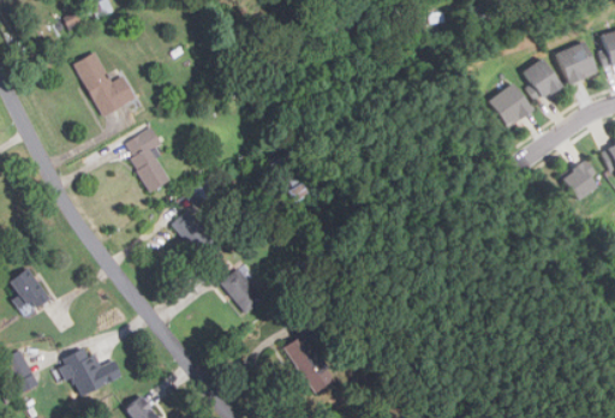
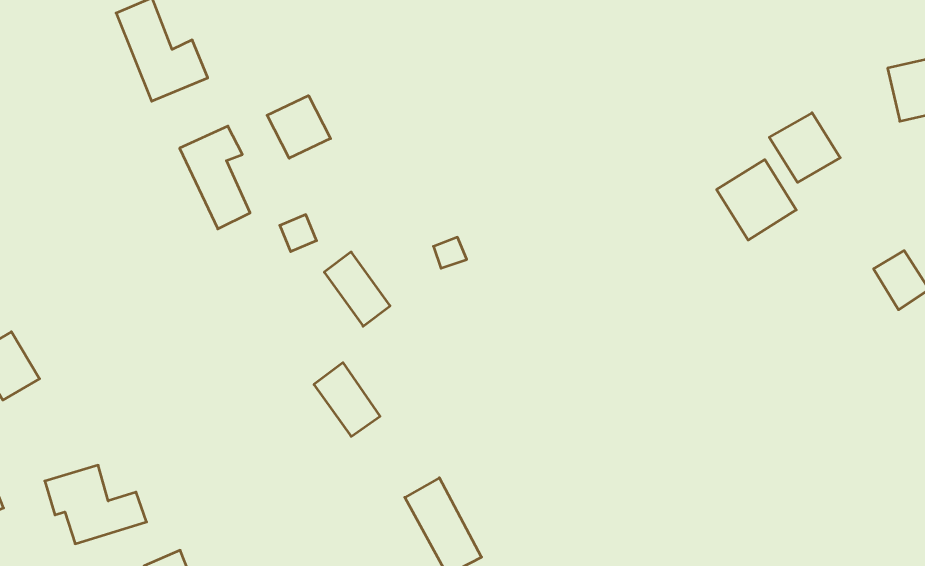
building: [524,56,562,98] -> none
building: none -> [267,96,331,158]
building: none -> [717,160,796,240]
building: [171,209,214,255] -> [324,252,390,326]

